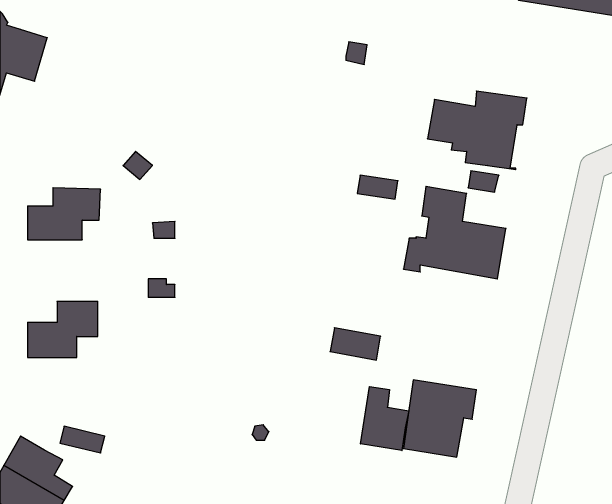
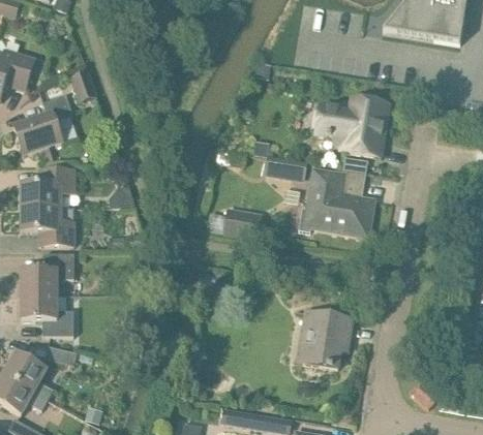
building: none -> [69,70,97,102]
building: none -> [13,94,72,155]
building: none -> [21,208,73,246]
building: [330,328,381,360] -> [223,215,261,239]
building: none -> [21,294,73,336]
building: [361,387,409,451] -> none

